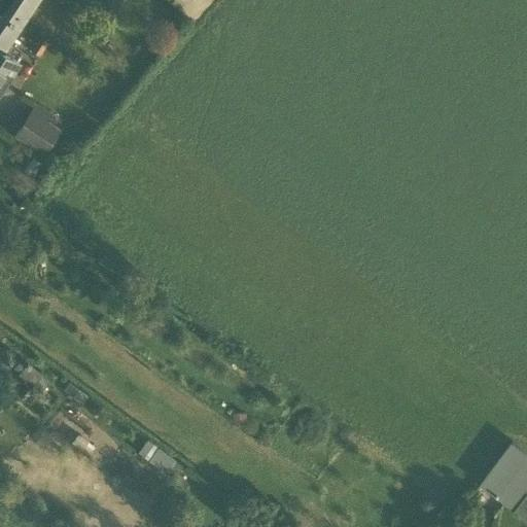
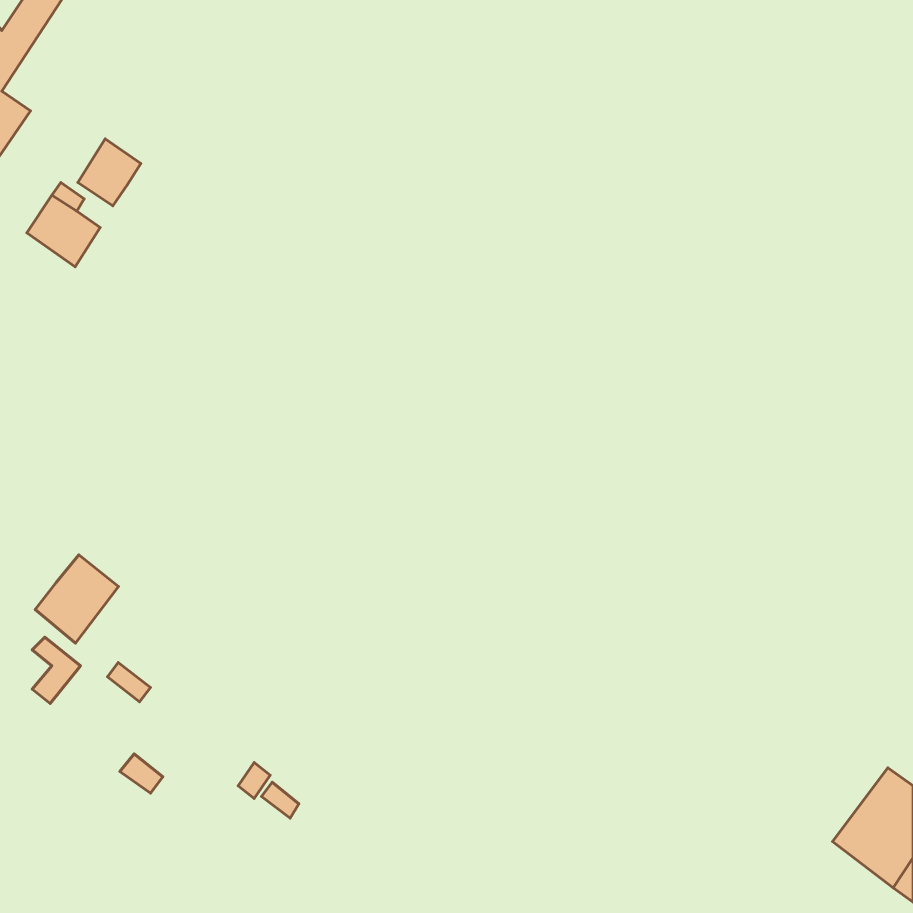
building: none -> [78,139,141,206]
building: none -> [35,555,118,643]

